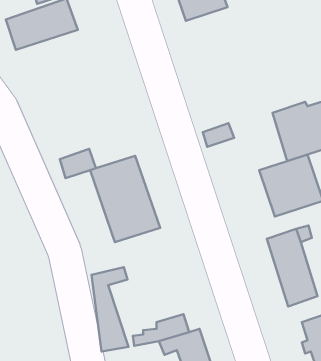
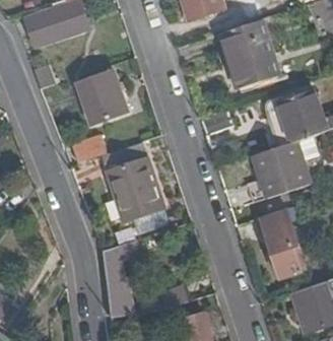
building: none -> [220,22,271,89]
building: none -> [75,71,127,125]

